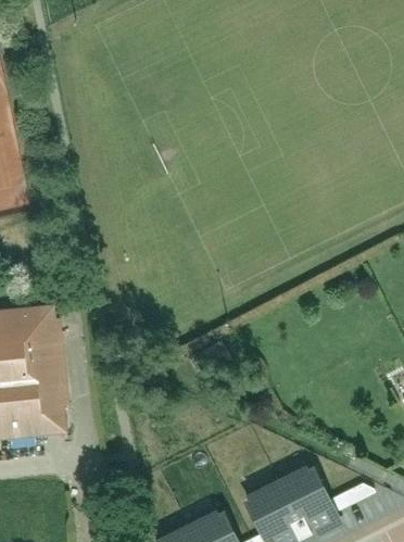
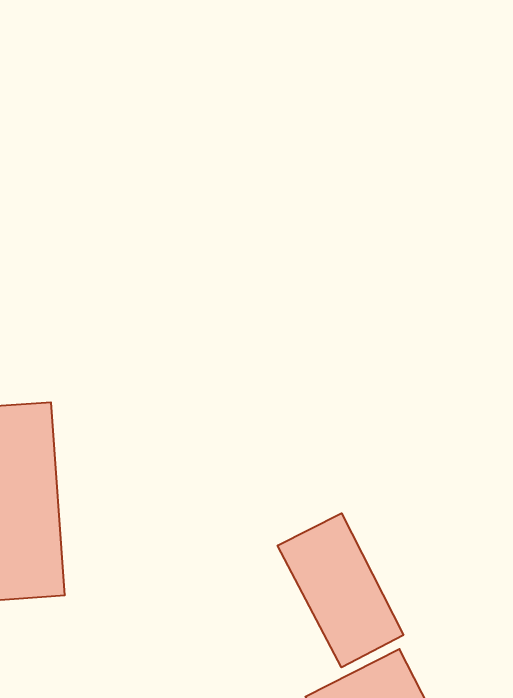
building: none -> [278,513,403,667]

